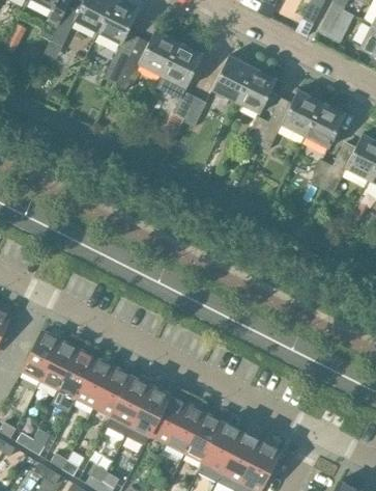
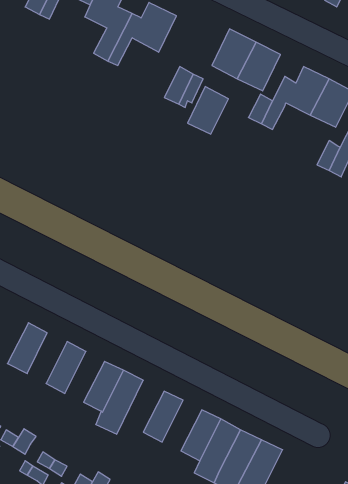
building: [164,43,202,87] -> [188,87,228,134]
building: [40,340,78,388] -> none
building: [76,358,113,406] -> none
building: [124,385,169,445] -> none
building: [167,404,204,452] -> none

